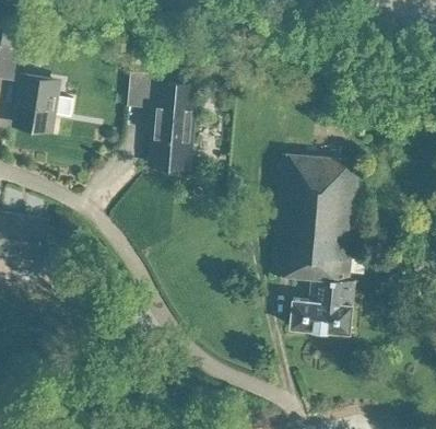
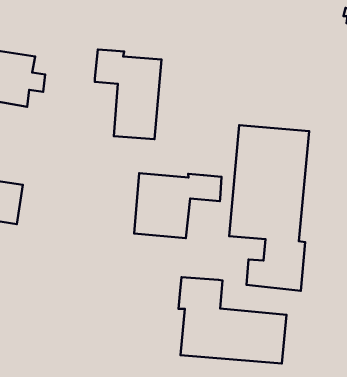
building: none -> [134,173,222,238]
building: none -> [178,277,287,364]

